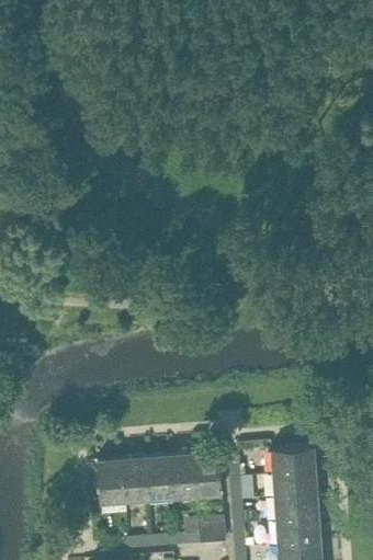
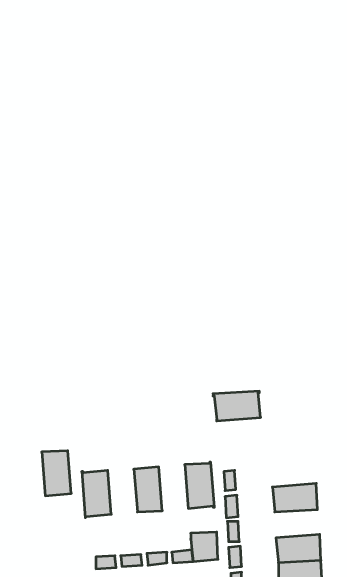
building: [270,448,314,476] -> [213,391,261,421]
building: [168,455,195,498] -> none
building: [121,459,148,501] -> [42,451,71,496]
building: [275,496,317,523] -> none

